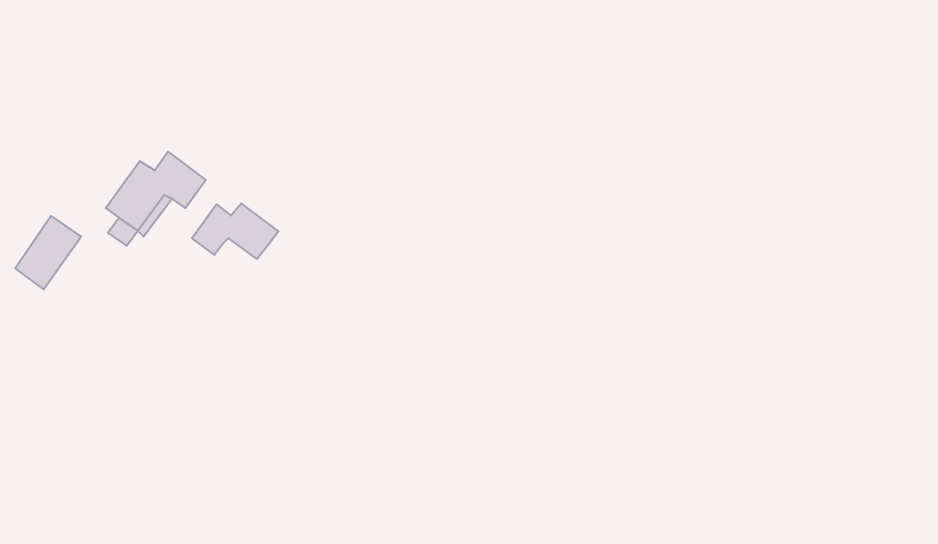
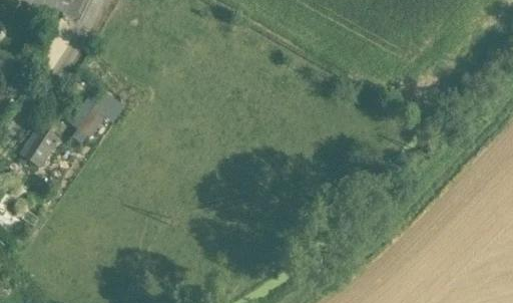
building: [192,203,278,259] -> none

